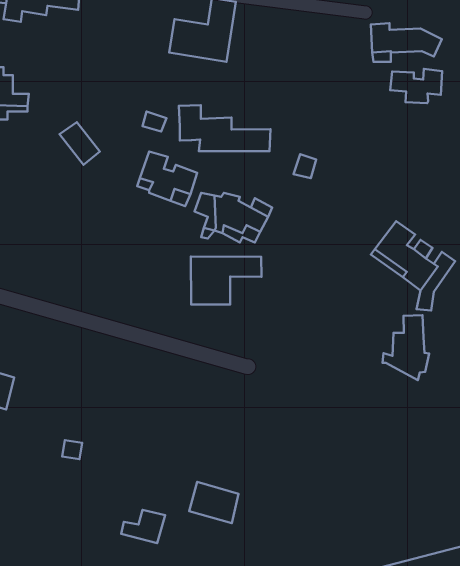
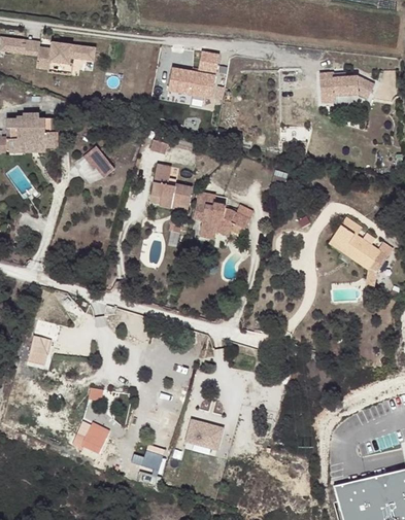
building: [390,69,442,103] -> none
building: [179,105,270,151] -> none
building: [191,257,262,304] -> none
building: [382,315,429,380] -> none
building: none -> [75,423,111,456]

